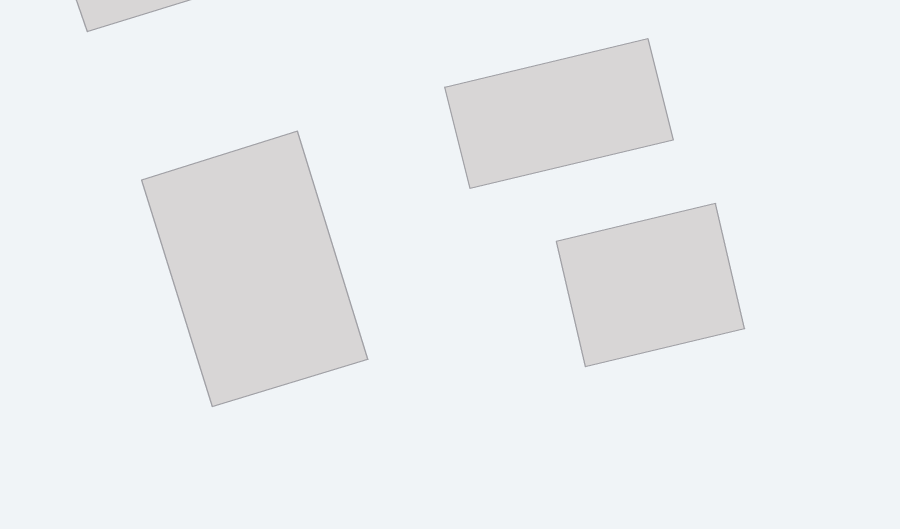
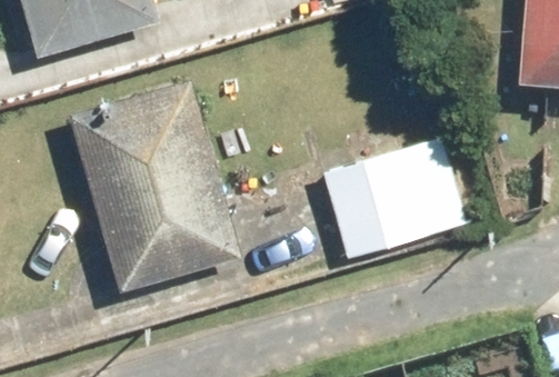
building: [445,39,673,188] -> none

